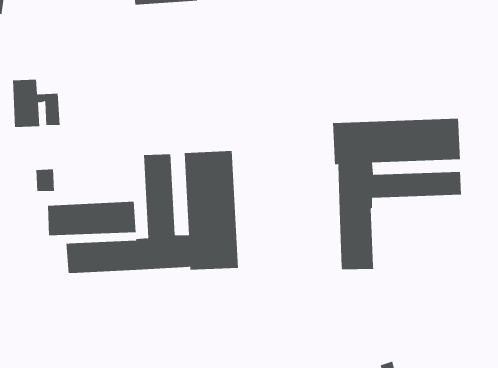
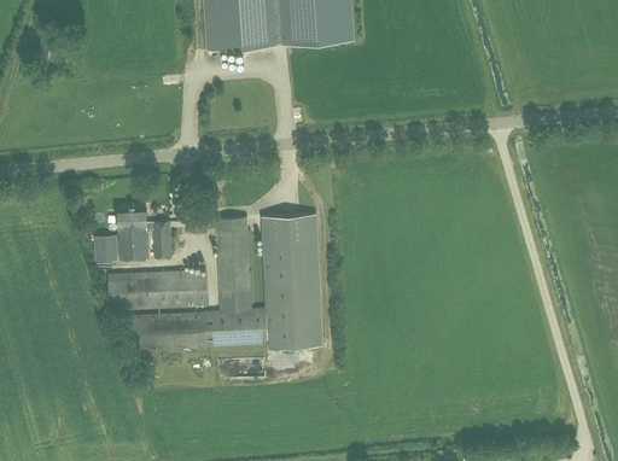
building: [12,79,60,128] -> [117,204,171,258]
building: [333,118,462,270] -> none

